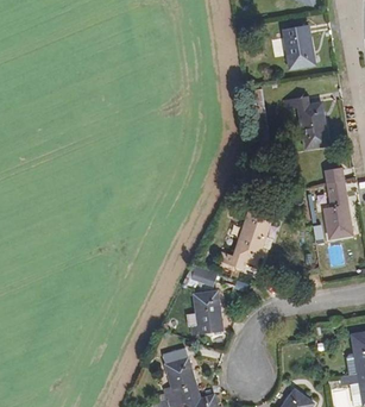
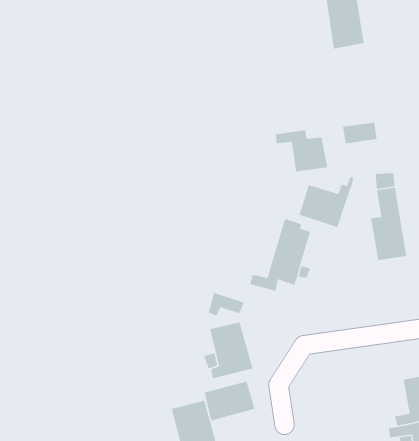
building: [283,98,326,132] -> [275,129,328,172]
building: none -> [298,176,354,228]
building: none -> [204,380,255,422]

